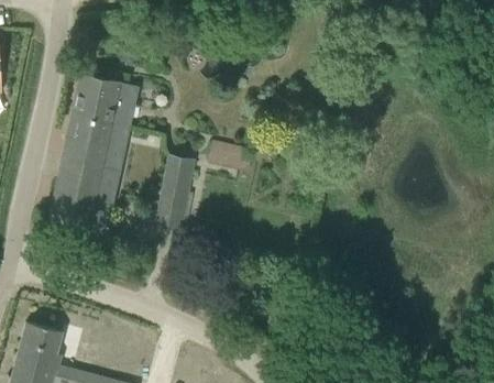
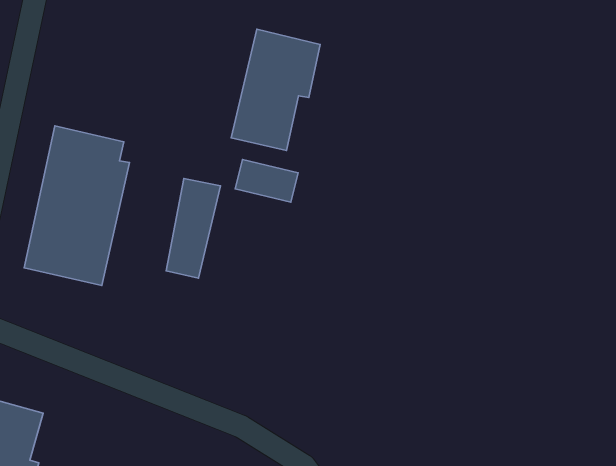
building: none -> [231,29,320,151]
building: [72,73,140,127] -> none

